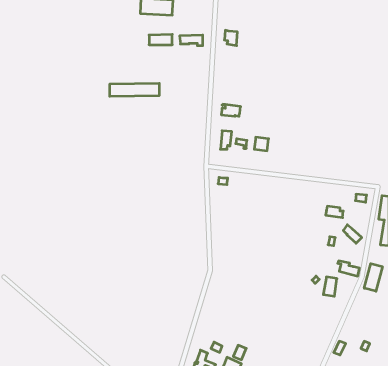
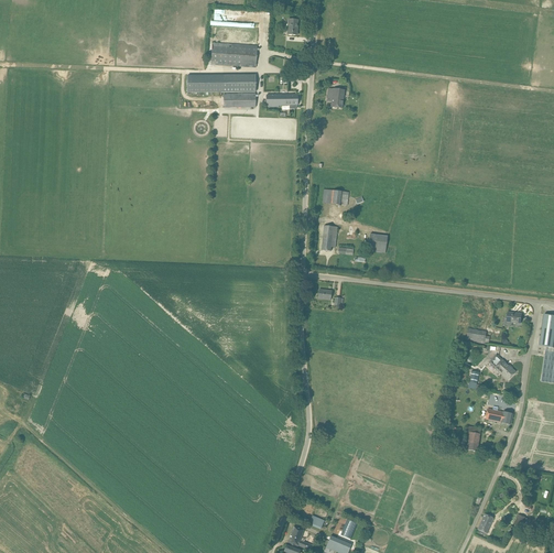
building: [110,83,159,96] -> [187,74,256,91]
building: [364,264,382,291] -> none

